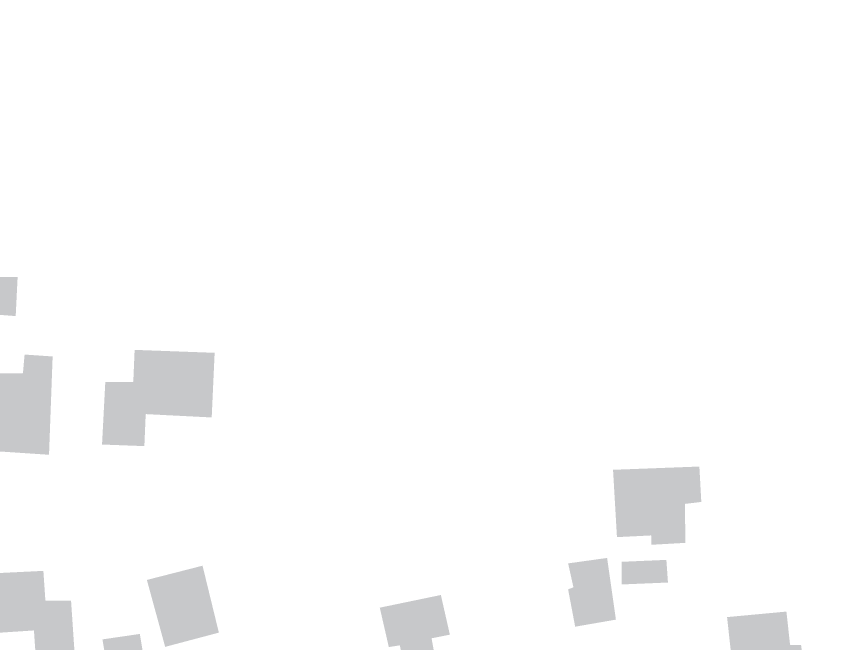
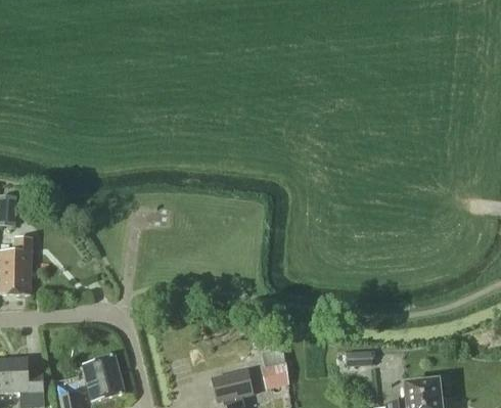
building: [101,349,216,447] -> none
building: [612,466,702,545] -> none
building: [567,557,617,628] -> [261,350,288,389]

